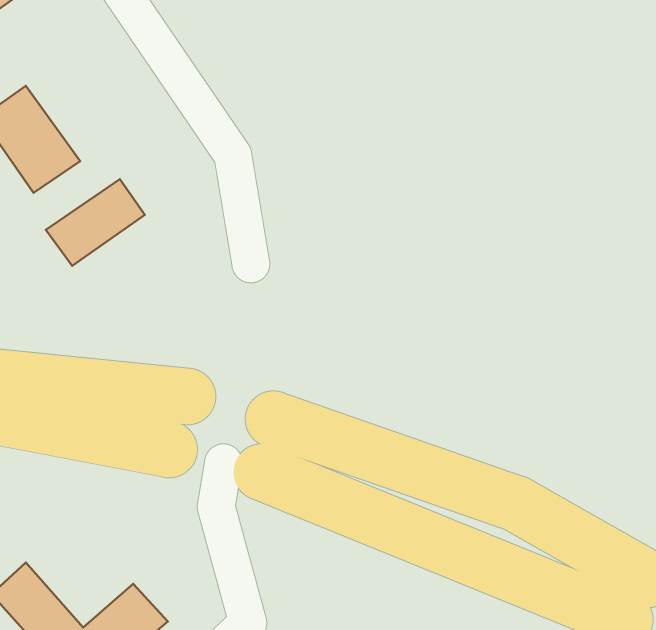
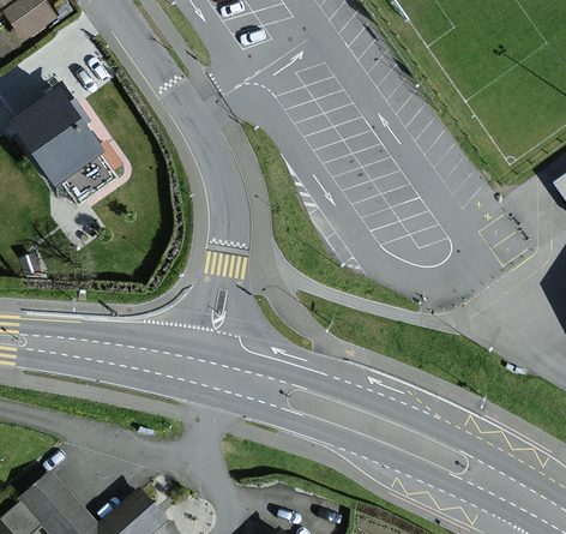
building: [46,179,145,266] -> none

